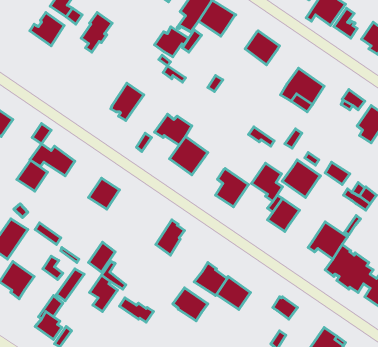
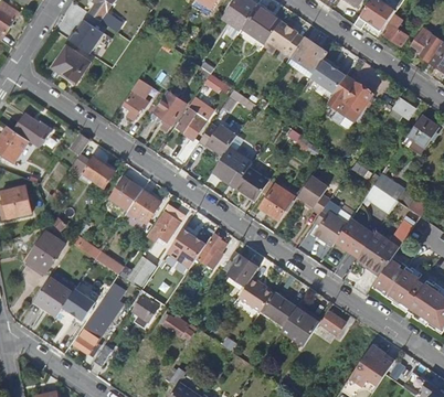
building: [81,13,112,52] -> [123,78,155,119]
building: none -> [263,22,303,56]
building: [155,27,189,57] -> none
building: none -> [55,46,89,83]
building: none -> [310,57,346,93]
building: none -> [176,107,207,139]
building: none -> [235,168,268,201]
building: [282,160,320,197] -> [336,216,376,255]
building: [17,160,48,191] -> [109,178,141,210]
building: none -> [147,205,183,242]
building: none -> [162,228,205,275]
building: none -> [62,288,94,320]
building: [173,288,208,321] -> [222,251,258,286]
building: none -> [281,308,319,345]

